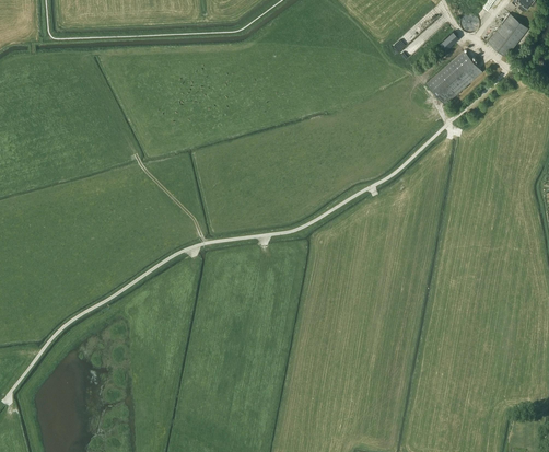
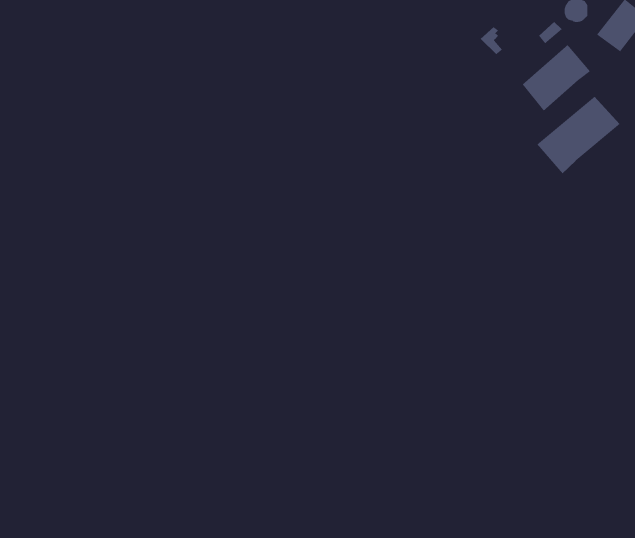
building: none -> [536,96,621,174]

